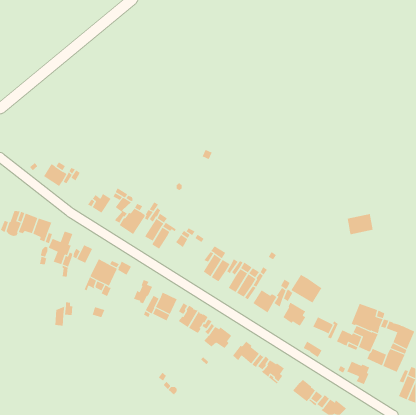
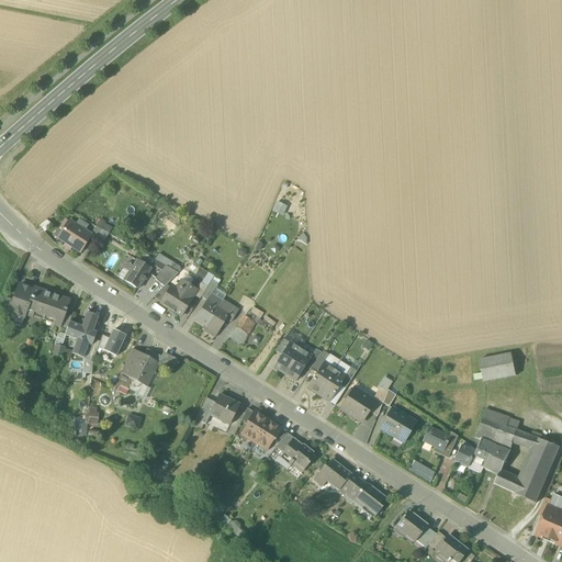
building: [347,214,374,235] -> [480,352,516,381]
building: [290,274,322,304] -> none
building: [133,279,153,304] -> none
building: [346,361,370,385] -> none

